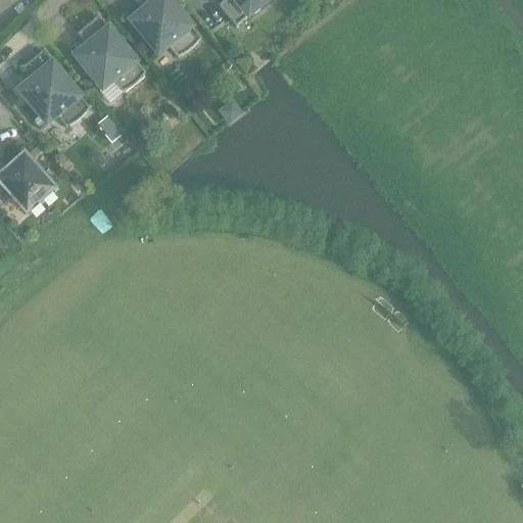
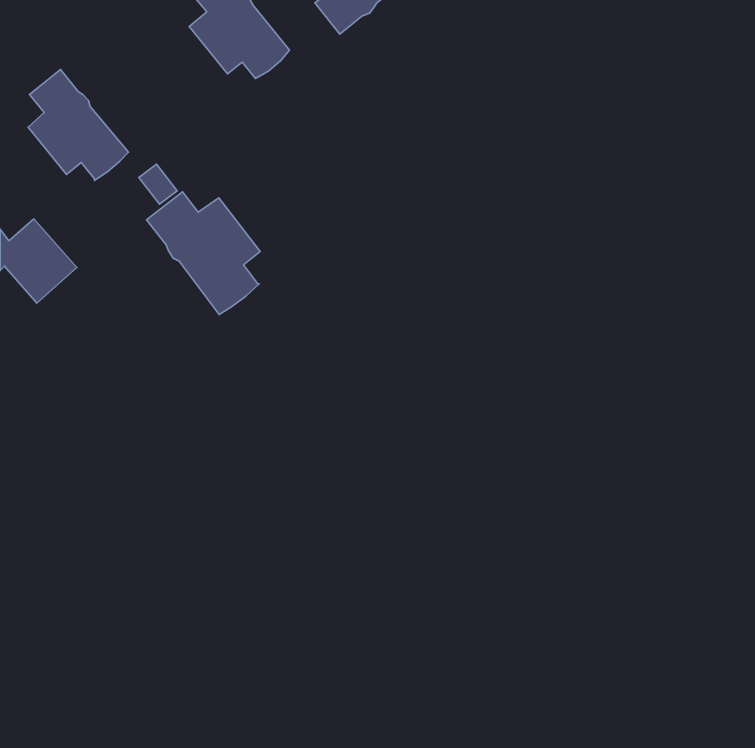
building: [75,13,144,89] -> none
building: none -> [147,192,260,314]

